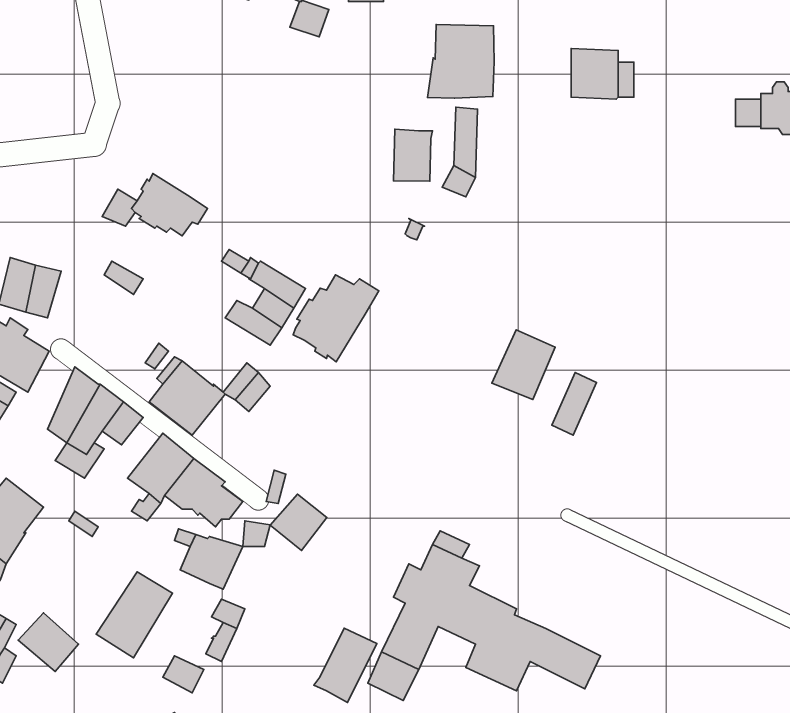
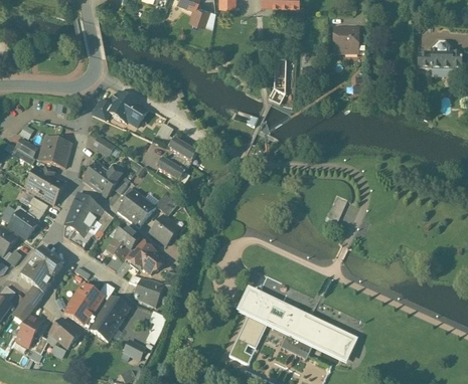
building: [428,25,494,98] -> none
building: [393,129,433,181] -> none
building: [293,275,379,362] -> none
building: none -> [82,162,121,197]
building: [492,330,555,400] -> none
building: [270,494,327,551] -> [149,216,178,245]
building: none -> [63,282,114,328]
building: [314,628,377,703] -> none

